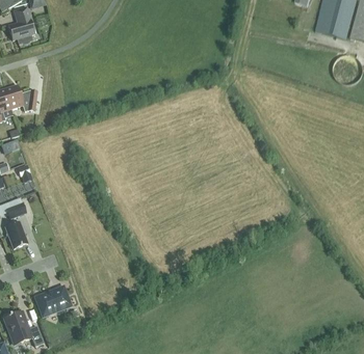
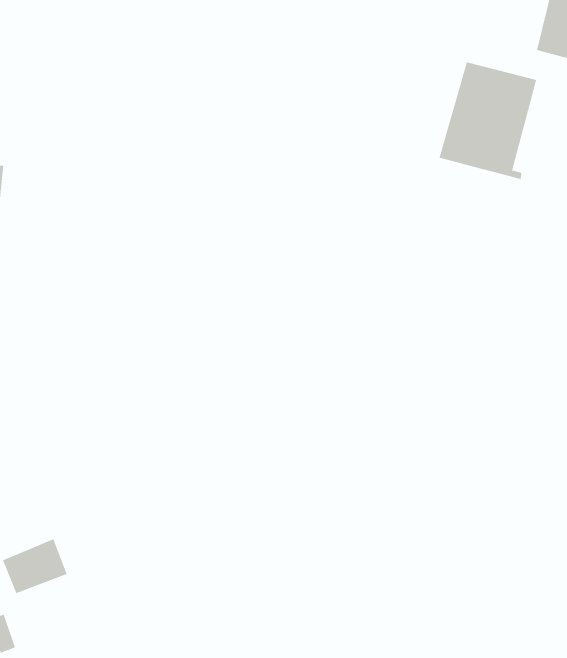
building: none -> [439,62,537,180]

